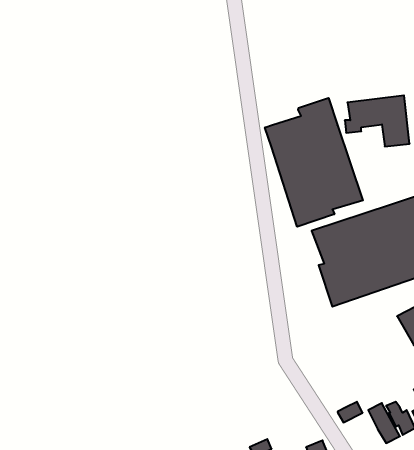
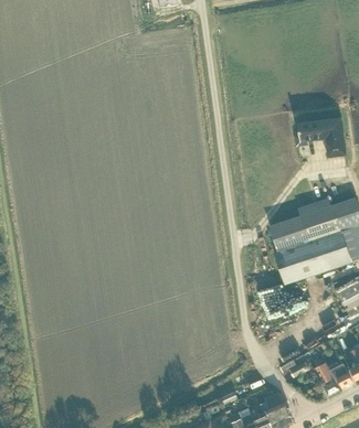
building: [265,98,363,227] -> none

